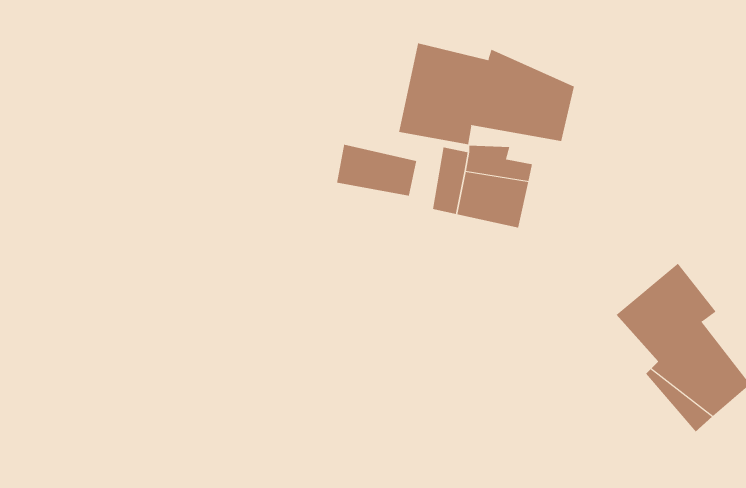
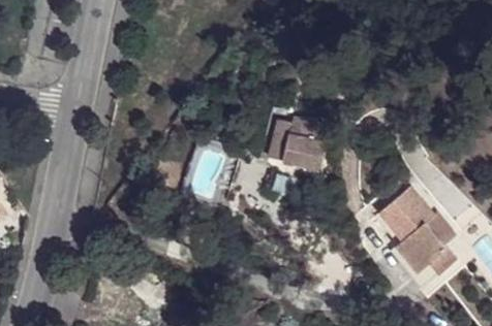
building: [399,42,574,145] -> none
building: [337,144,417,196] -> none

